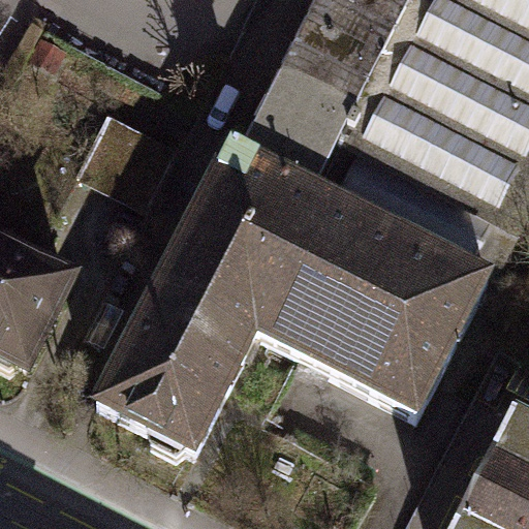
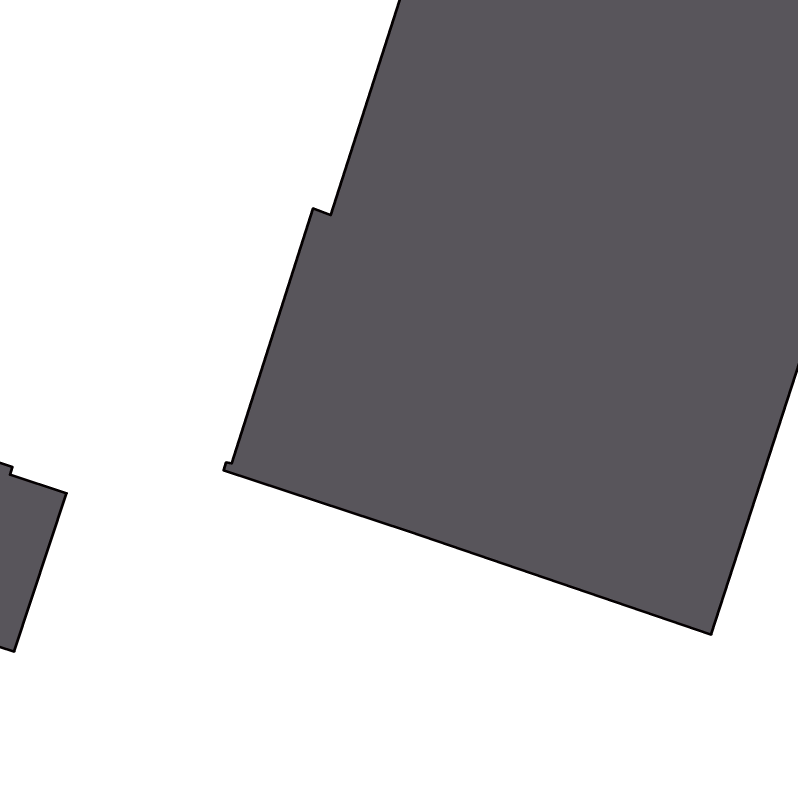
building: [76,112,177,204] -> none
building: [95,283,255,455] -> none

